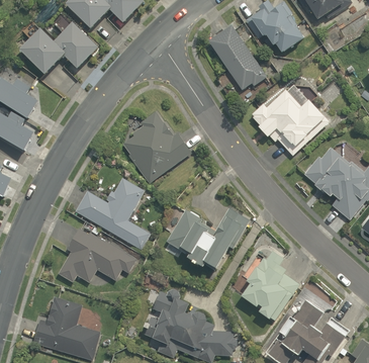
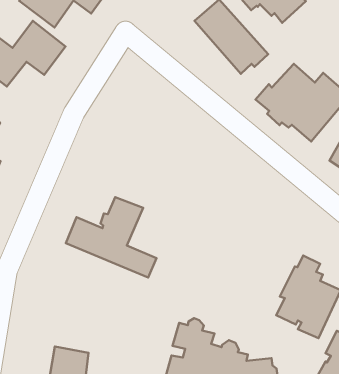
building: [124,111,192,183] -> none
building: [167,205,252,272] -> none
building: [58,226,136,282] -> none

